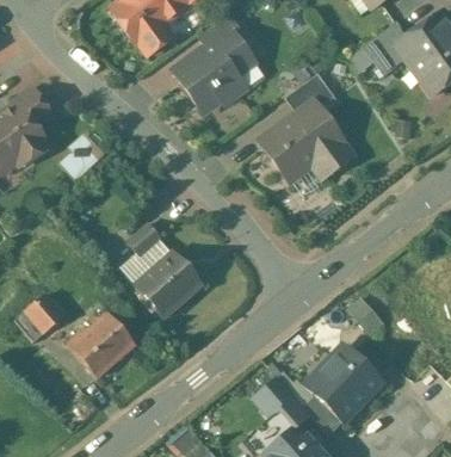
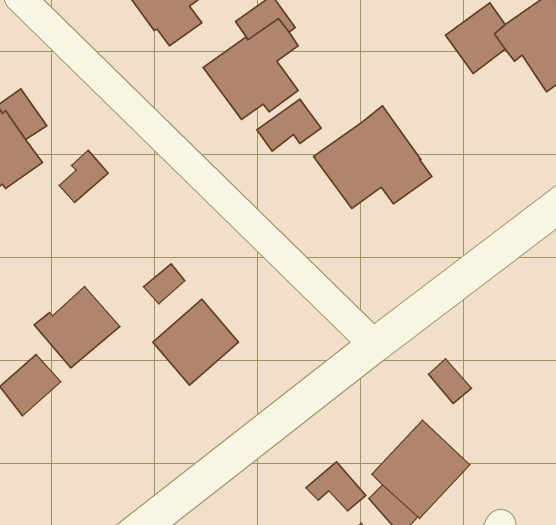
building: [284,74,334,115] -> [257,99,321,151]
building: [67,314,134,377] -> [34,287,120,368]

